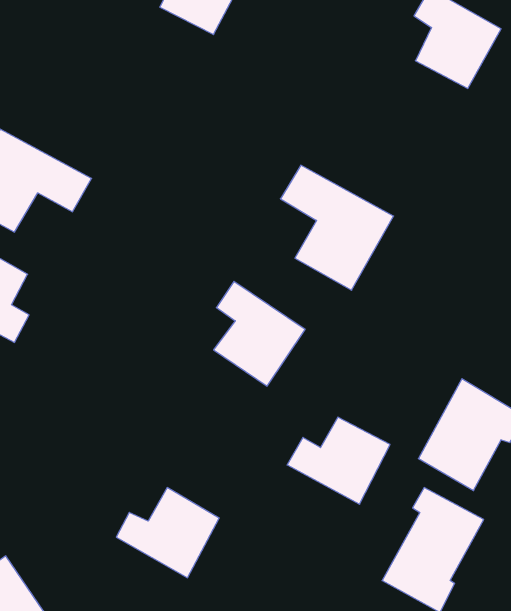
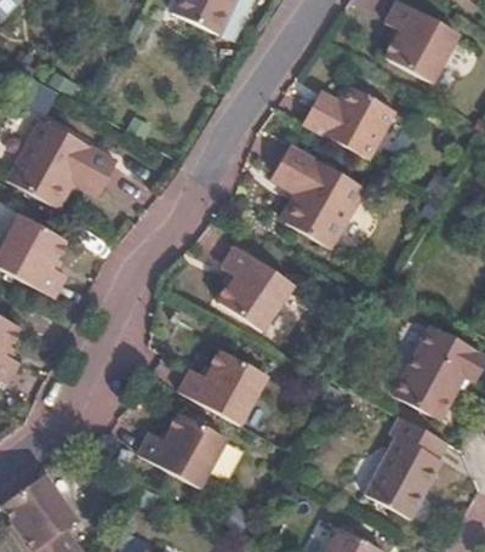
building: none -> [303,75,400,160]
building: [287,417,390,504] -> [179,351,266,423]

